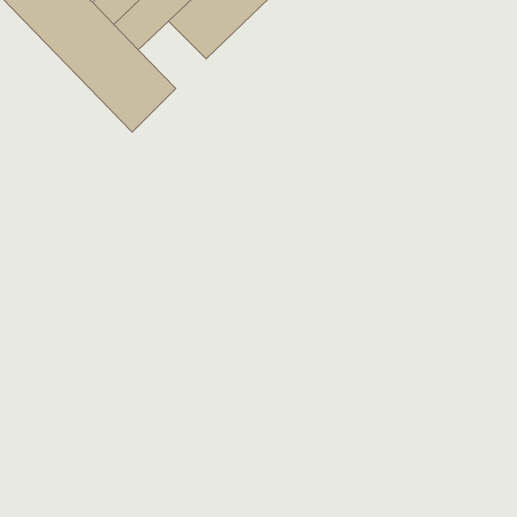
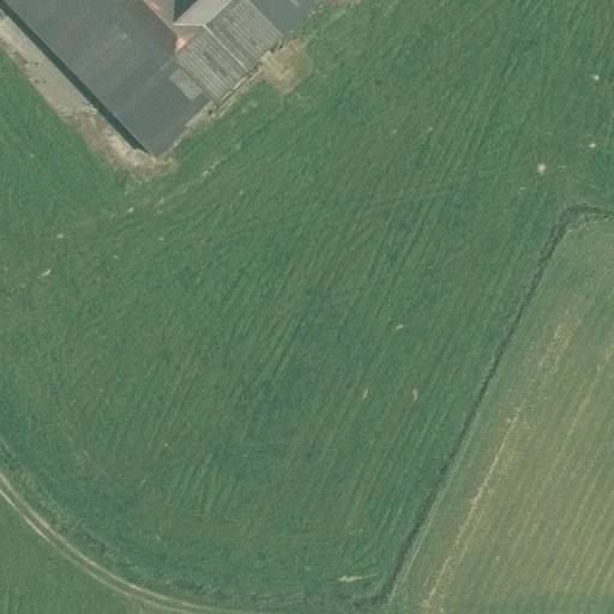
building: none -> [163,25,243,104]

